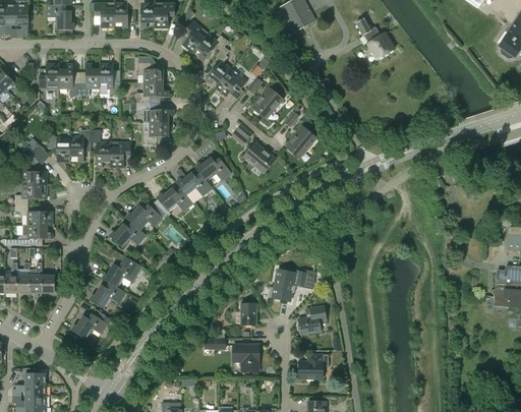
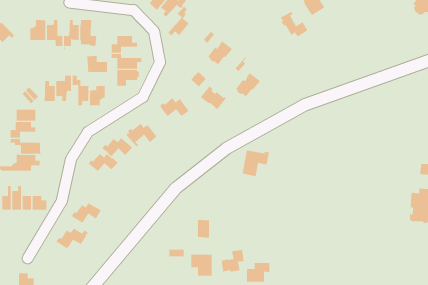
building: none -> [280,11,308,37]
building: [137,62,163,82] -> [87,55,108,72]
building: [216,68,247,97] -> none
building: [176,172,212,203] -> none
building: [102,256,141,287] -> none
building: [272,270,305,302] -> [242,150,270,177]
building: [297,306,326,334] -> [221,249,245,272]

